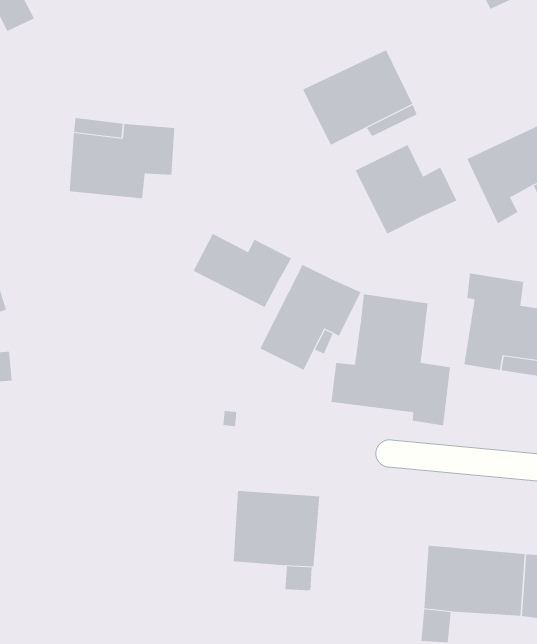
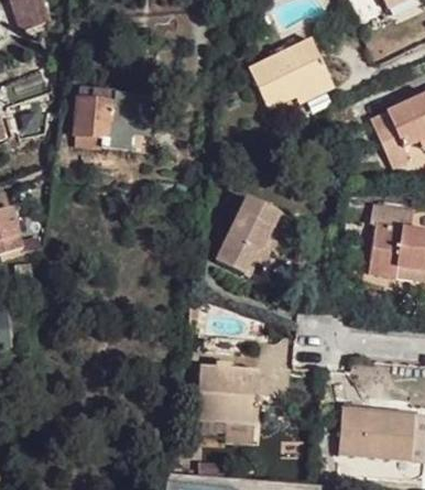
building: [355,144,457,234] -> none
building: [193,233,292,308] -> none
building: [331,294,451,426] -> none

